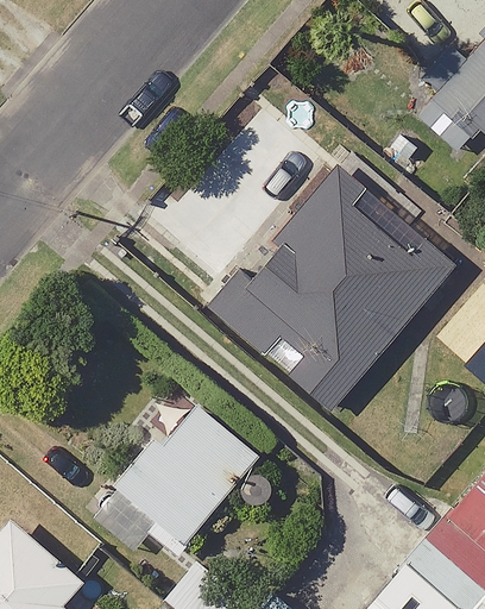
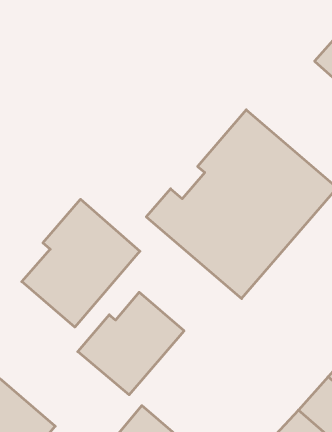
building: none -> [22,199,140,327]

